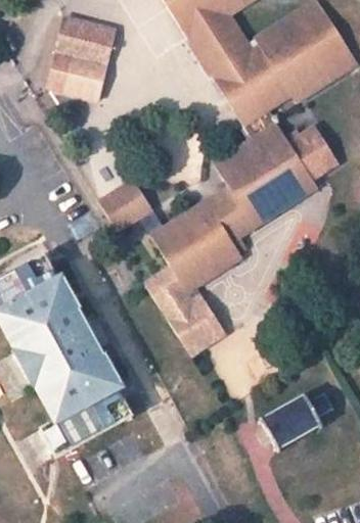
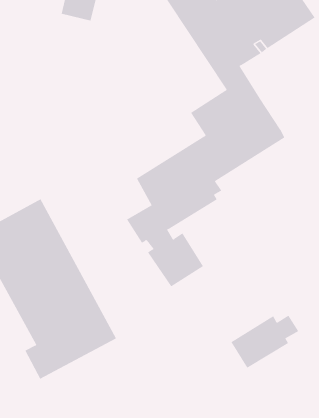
building: [61,50,103,95] -> none
building: [292,129,341,179] -> none
building: [96,182,150,233] -> none

